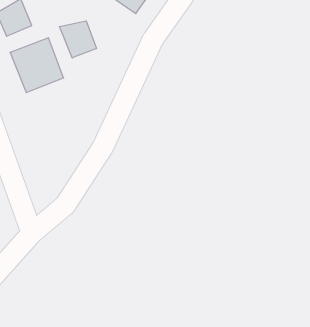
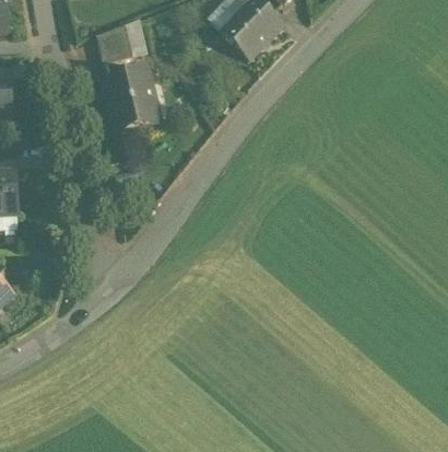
building: [60,21,96,58] -> none

